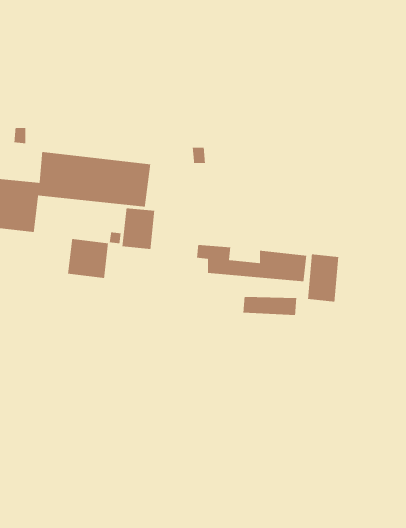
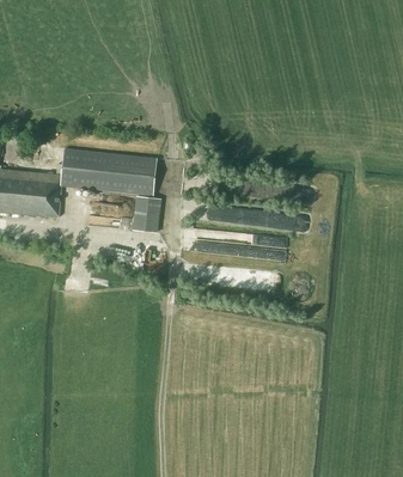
building: [67,238,109,279] -> none
building: [307,254,339,302] -> none

